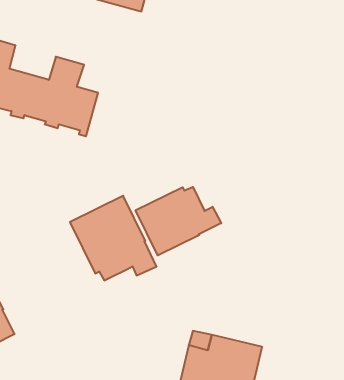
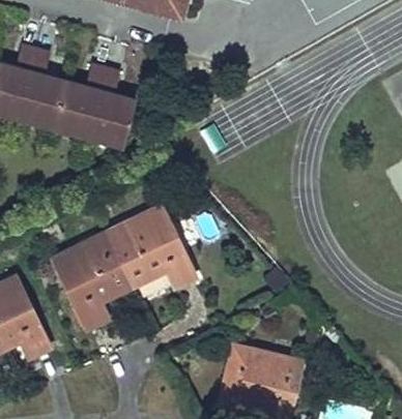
building: [136,187,221,255] -> none
building: none -> [53,233,133,330]

